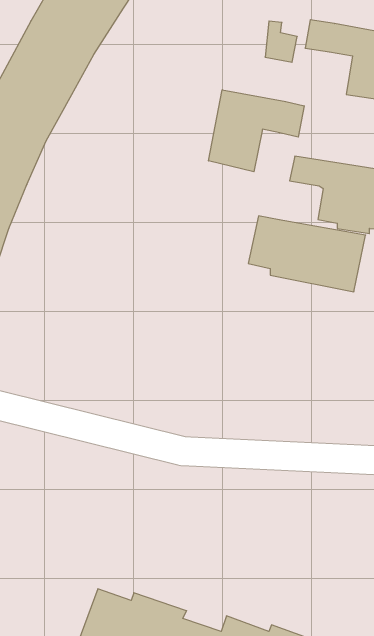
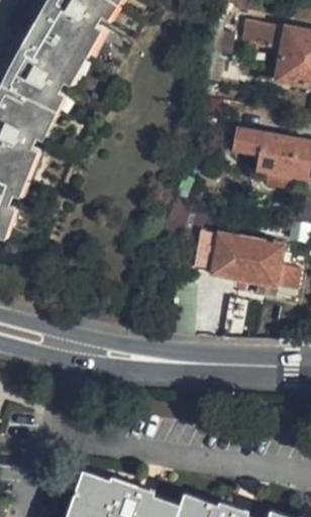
building: [209,90,304,172] -> none
building: [248,216,366,292] -> [195,230,287,290]

